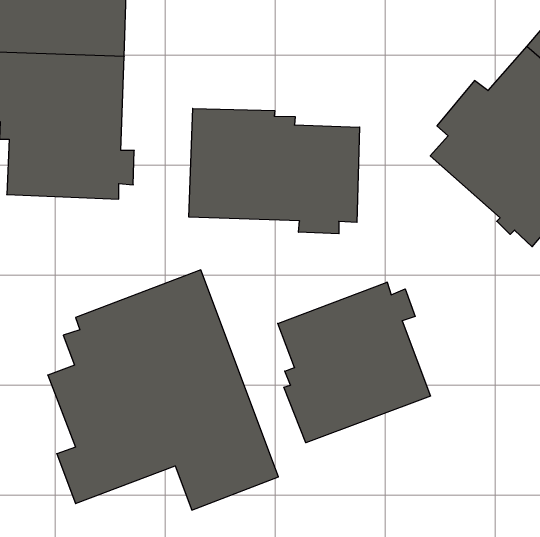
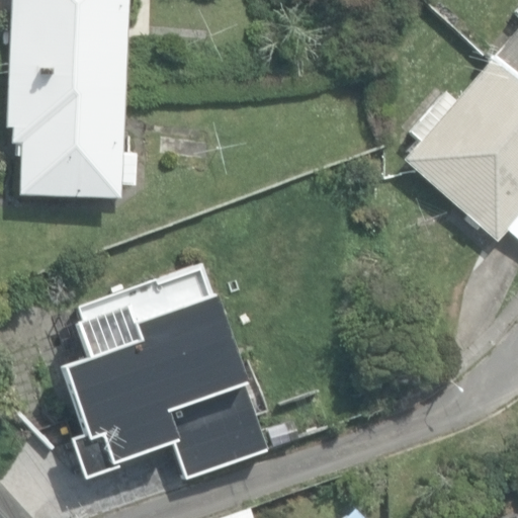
building: [189,108,360,234] -> none
building: [278,282,430,443] -> none

